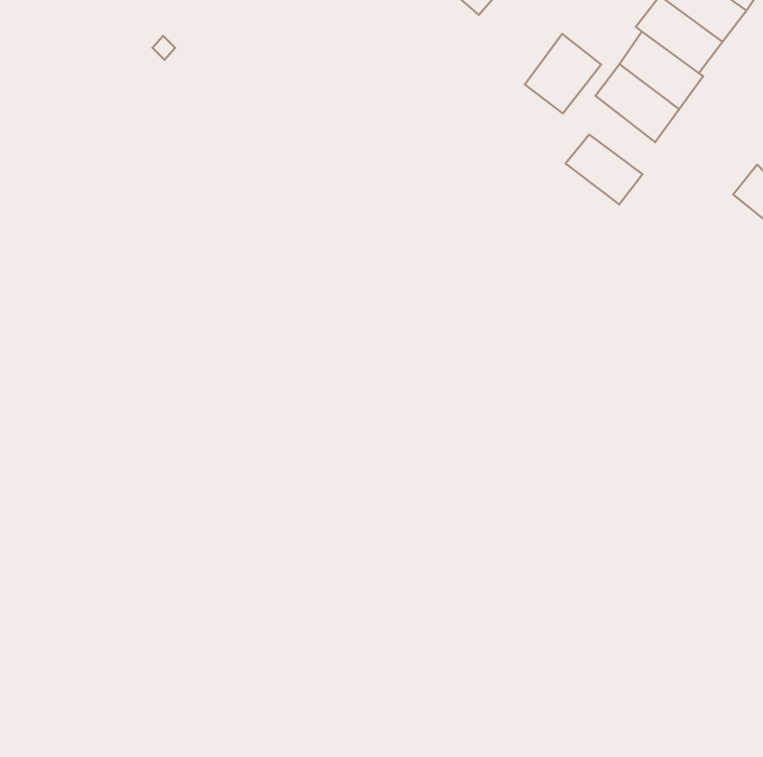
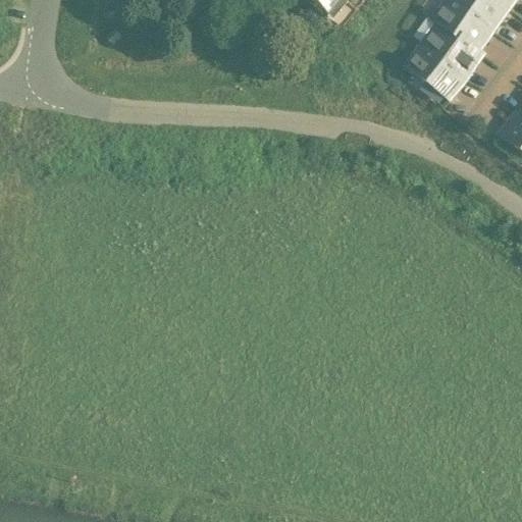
building: [525,34,601,114] -> none
building: [566,135,642,204] -> none

